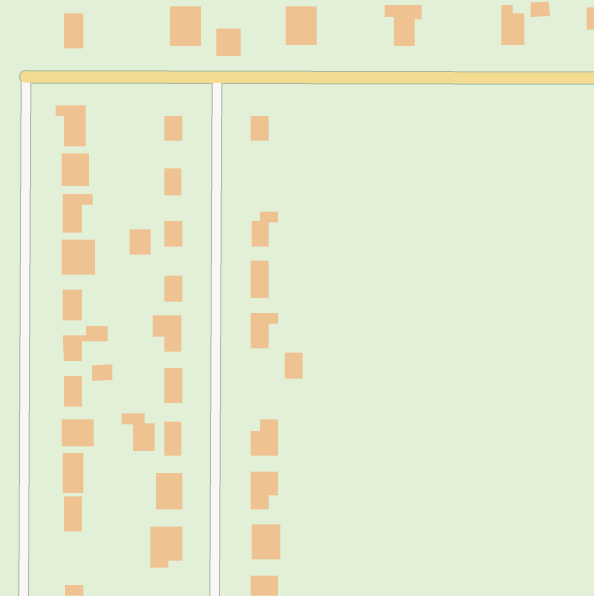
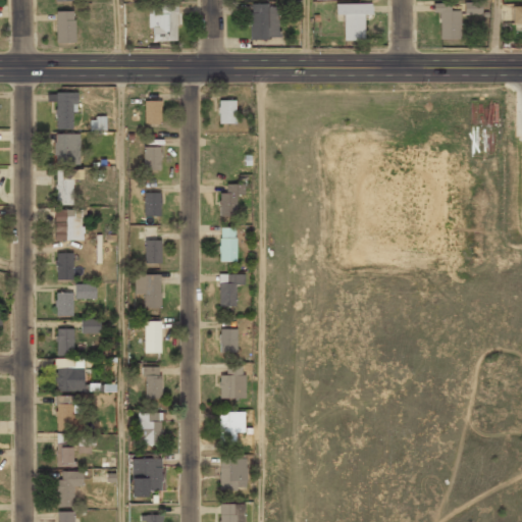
building: [216,28,241,57] -> none
building: [129,228,151,256] -> none
building: [284,352,304,379] -> [220,329,238,353]
building: [121,412,155,452] -> none
building: none -> [58,471,84,506]

